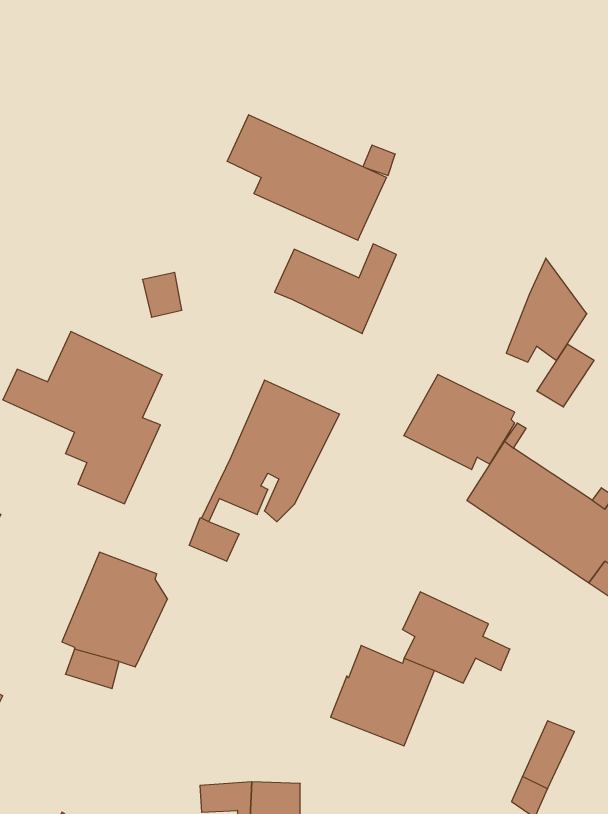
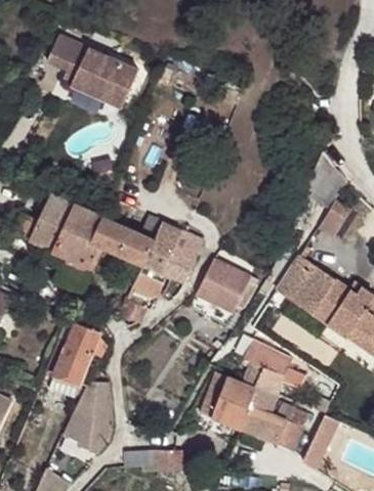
building: [227,115,387,240] -> [47,35,138,106]
building: [275,244,396,334] -> [92,215,162,266]
building: [404,375,515,470] -> [195,259,258,313]
building: none -> [64,382,113,452]
building: none -> [242,387,306,451]

